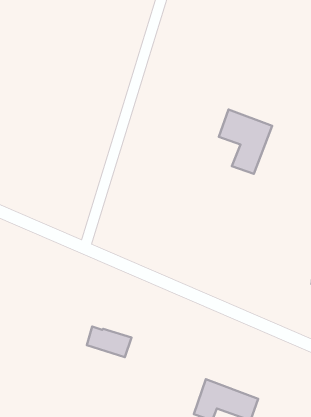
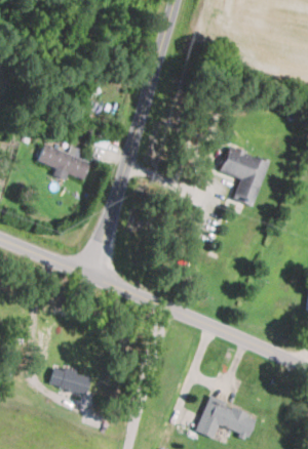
building: none -> [38,144,90,179]
building: [87,327,132,357] -> [49,367,91,396]

